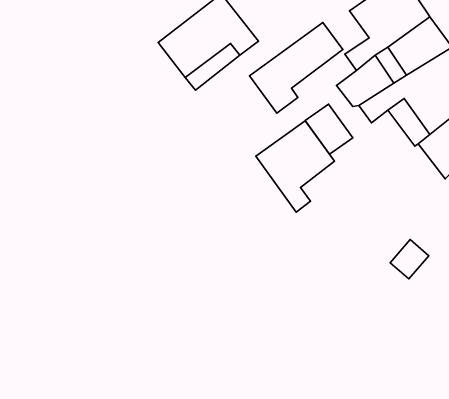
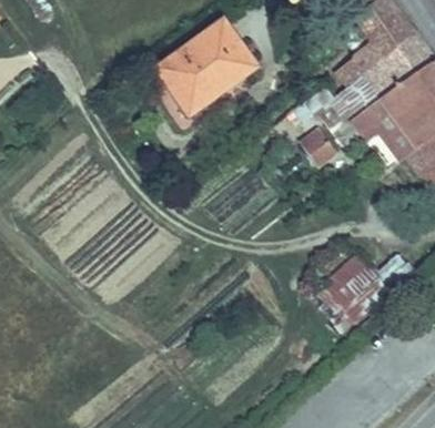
building: [250,22,343,113] -> none
building: [256,121,335,212] -> none
building: none -> [315,255,391,328]

